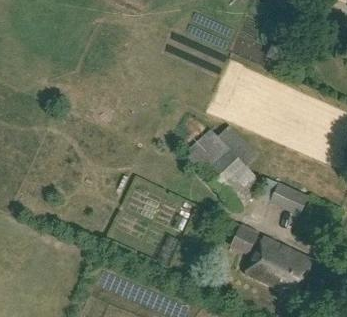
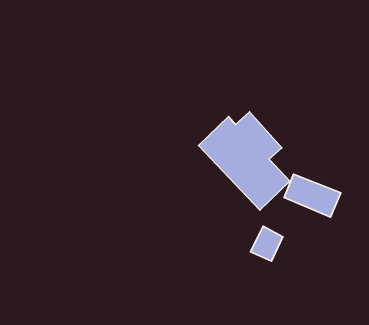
building: [245,235,313,295] -> none

